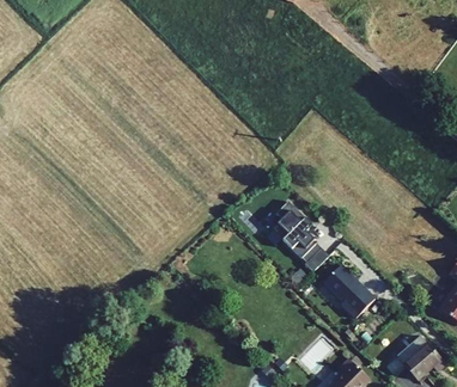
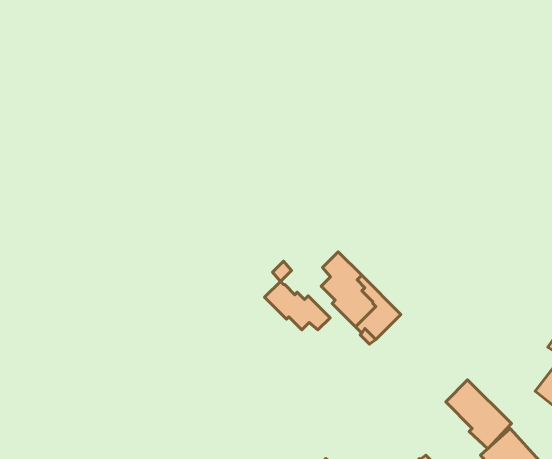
building: none -> [265,281,330,330]
building: [324,265,374,318] -> [446,380,511,449]

